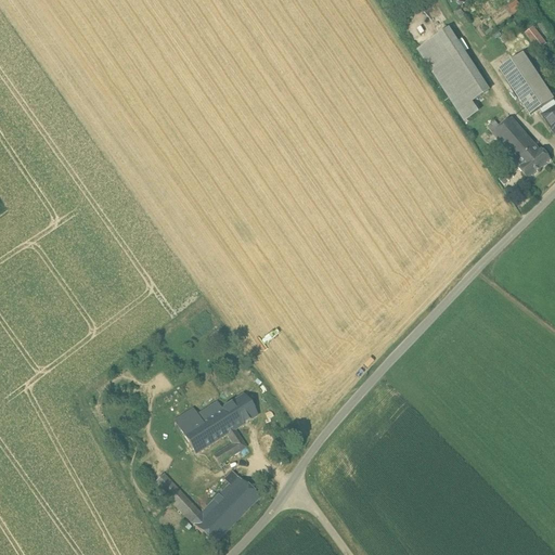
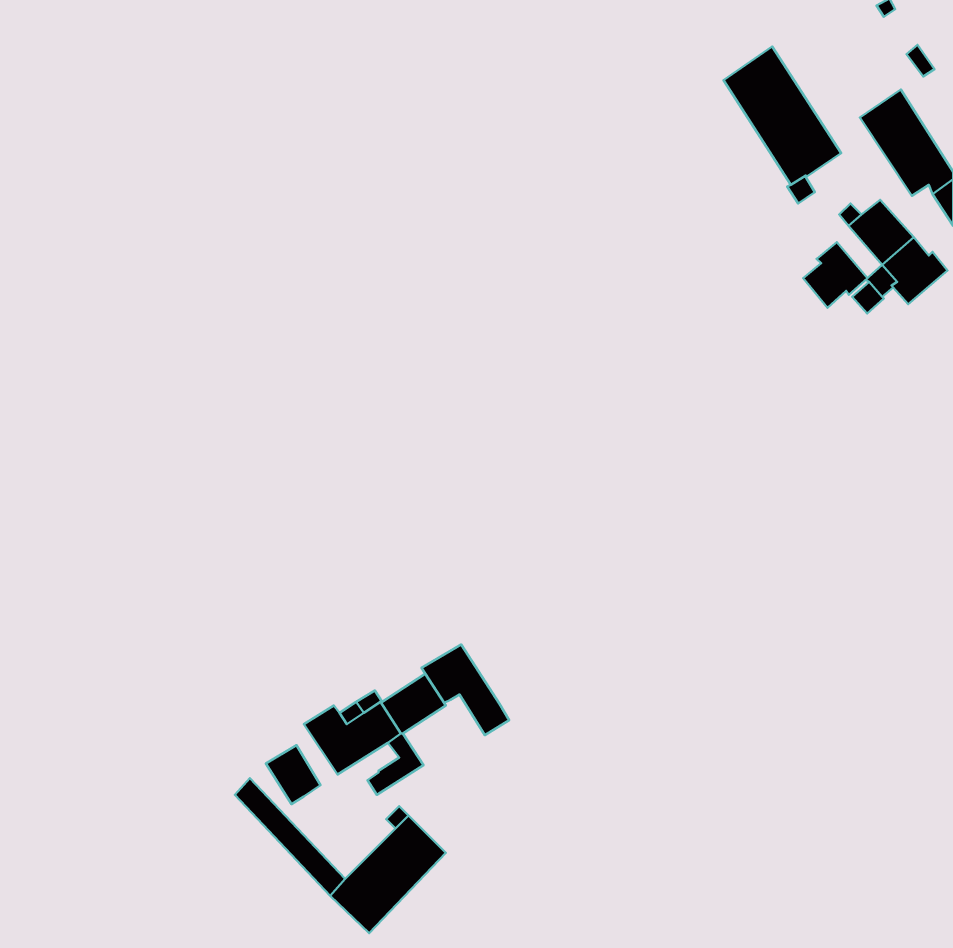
building: none -> [803,242,867,308]
building: none -> [421,644,509,735]
building: none -> [266,745,320,804]

